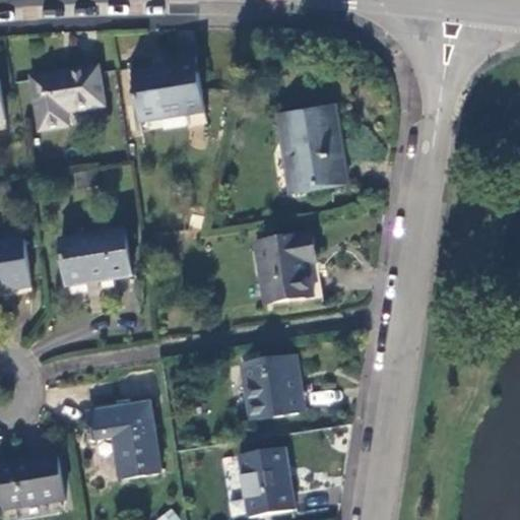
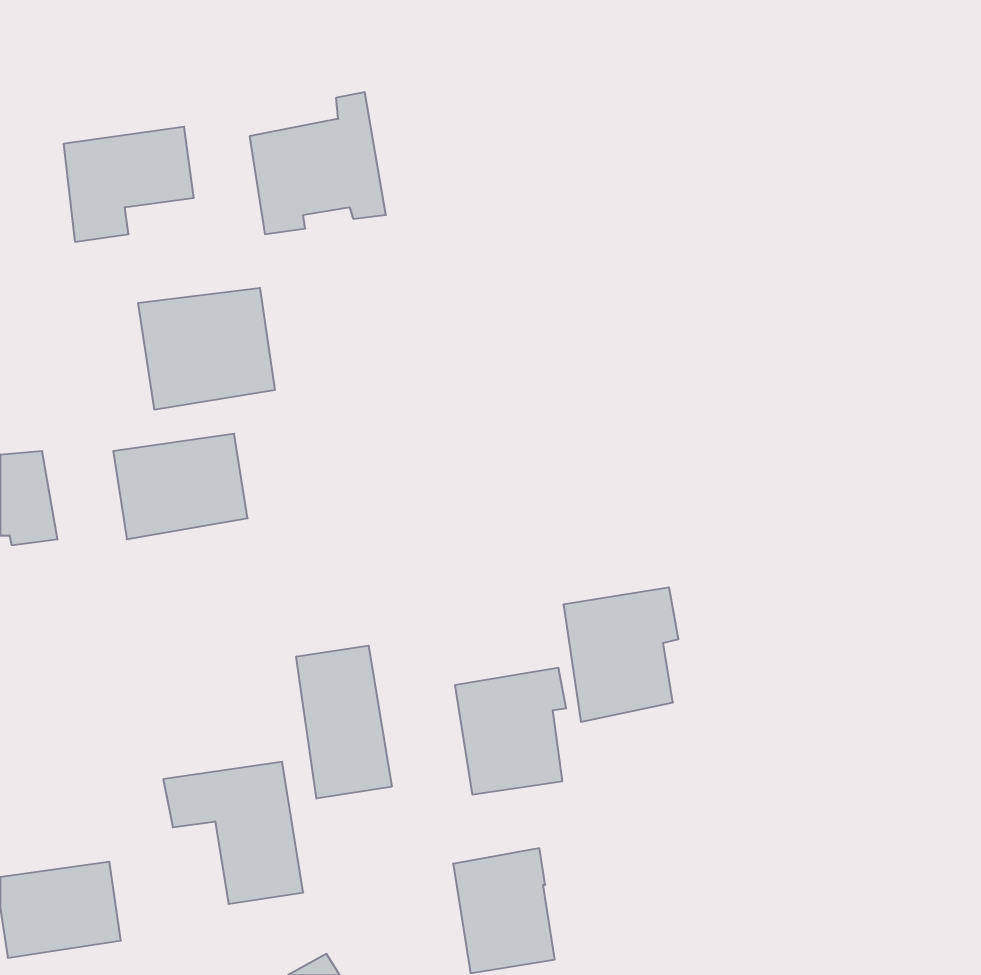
building: [280,108,344,187] -> none
building: none -> [138,288,275,410]
building: [256,233,317,304] -> [563,587,679,722]
building: none -> [296,646,392,799]

